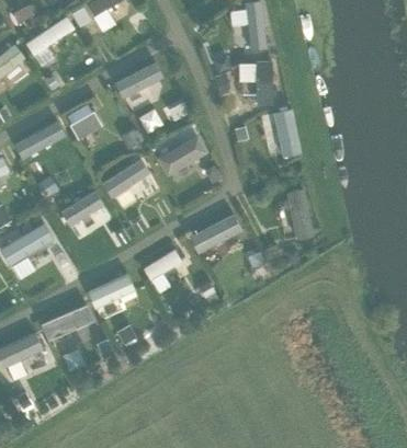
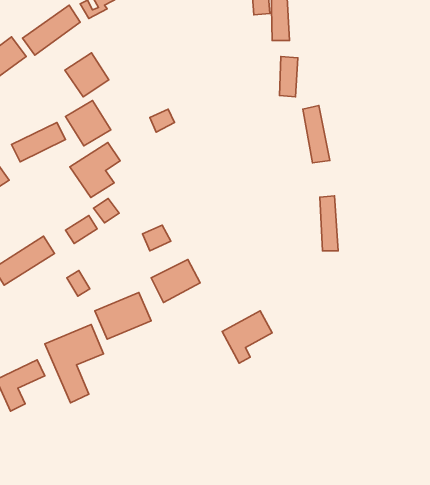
building: [117,68,157,107] -> [65,53,109,97]
building: [157,129,207,172] -> none
building: [104,161,149,210] -> [70,142,120,197]
building: [192,214,237,261] -> [222,311,272,363]

